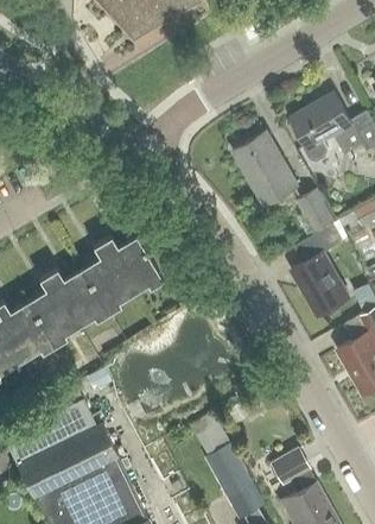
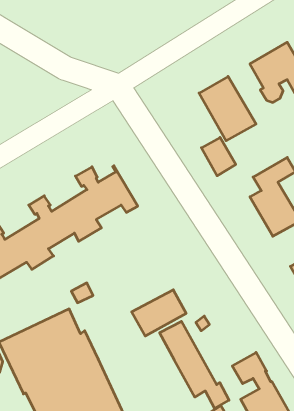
building: [297,190,336,234] -> [201,137,236,176]
building: none -> [132,290,186,336]

